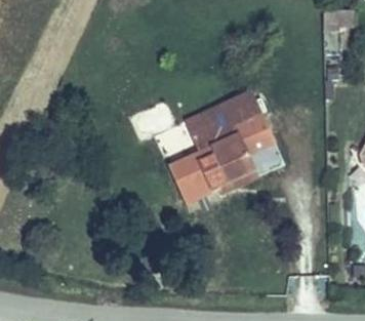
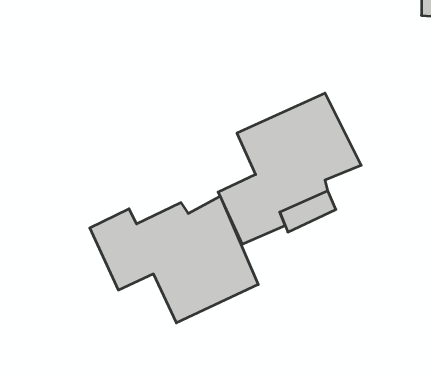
building: none -> [90,196,258,323]

